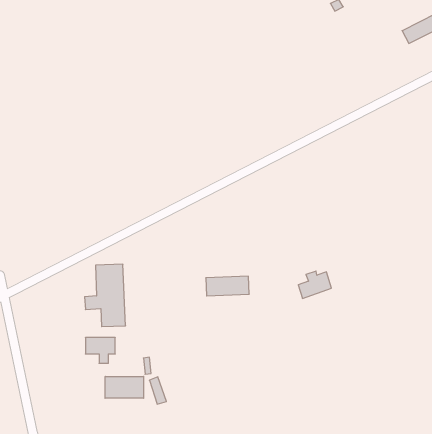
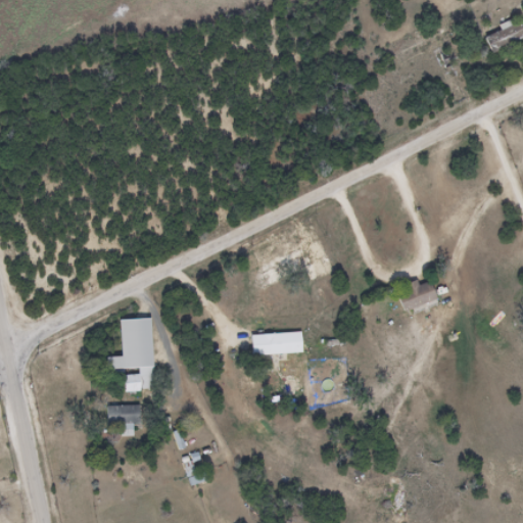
building: [298,271,331,298] -> [397,278,437,311]
building: [105,376,144,398] -> none

